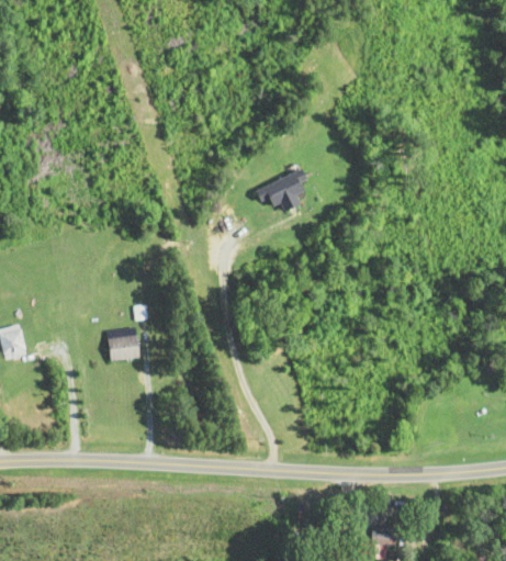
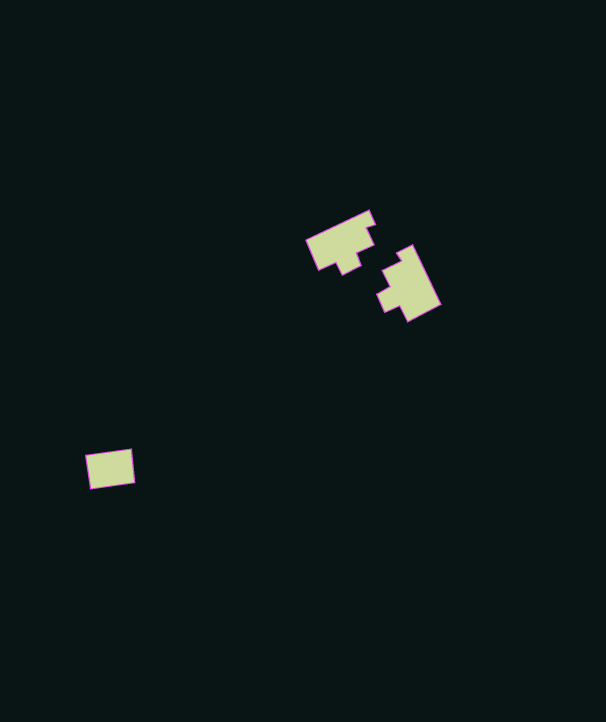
building: none -> [377,245,441,322]

